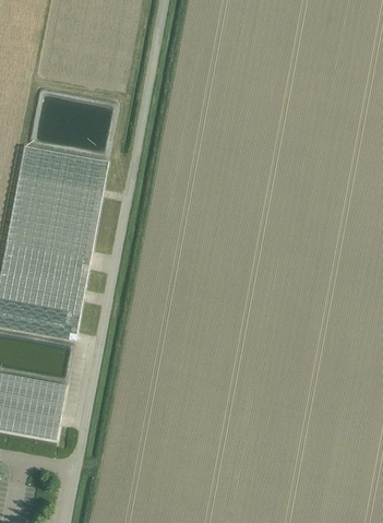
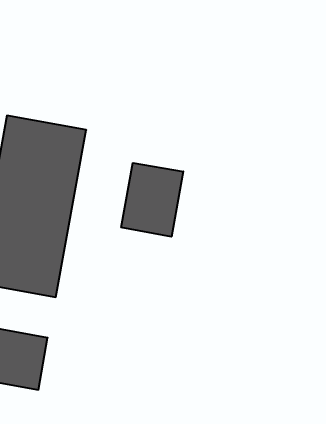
building: none -> [121,163,183,237]

